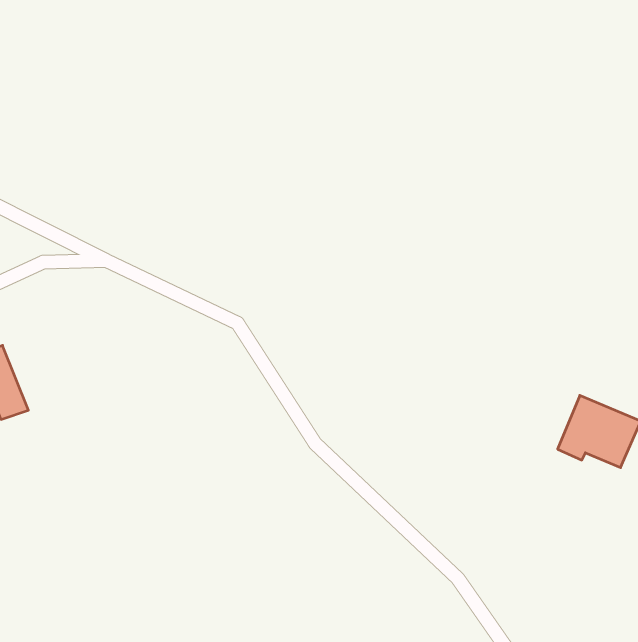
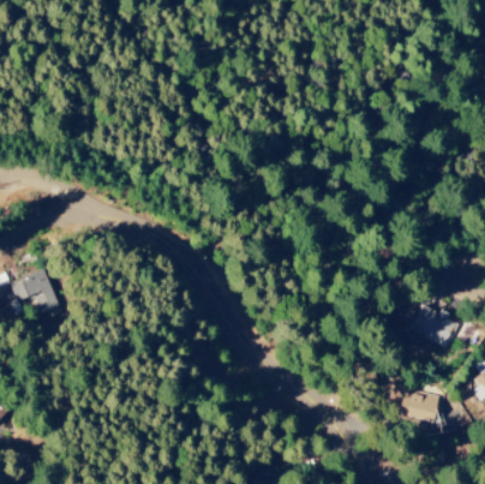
building: none -> [400,388,441,422]

